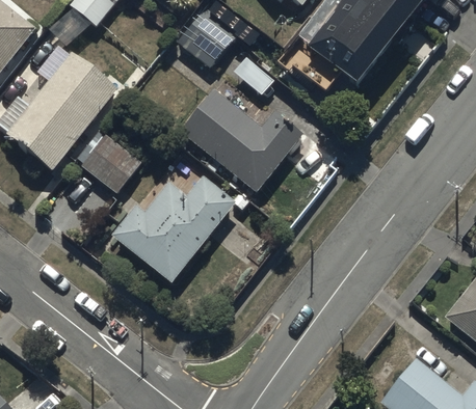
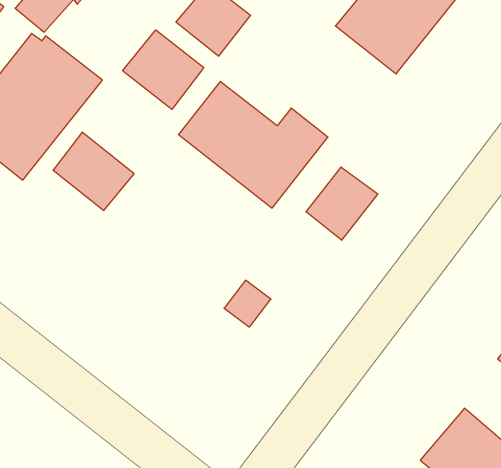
building: none -> [123,30,204,109]
building: none -> [306,167,378,240]
building: [112,174,235,280] -> none

